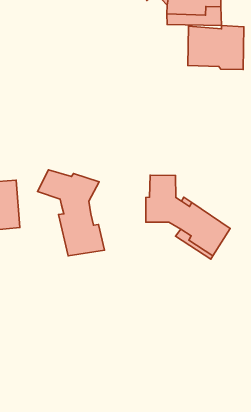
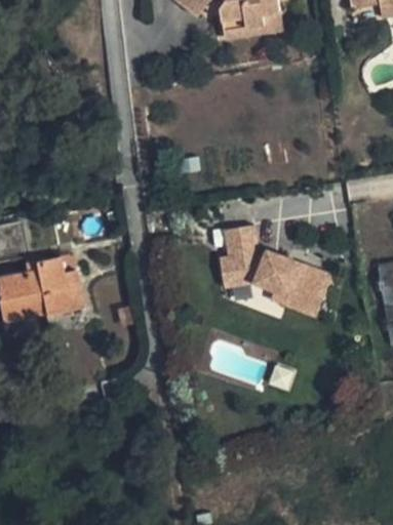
building: [188,26,244,70] -> none
building: [38,170,104,256] -> none

